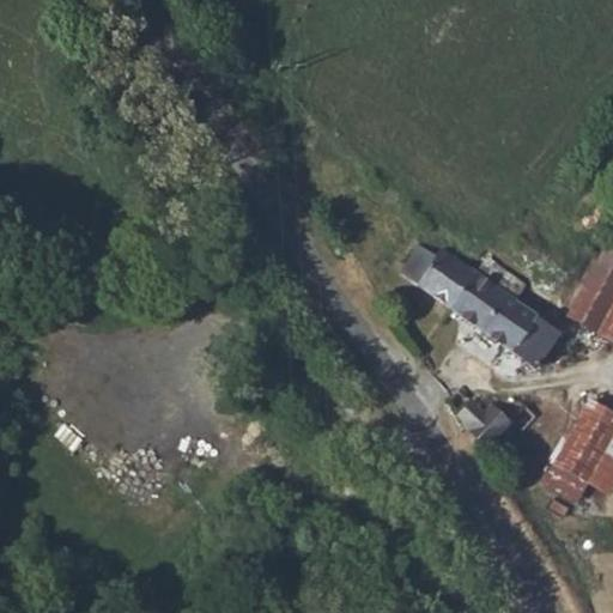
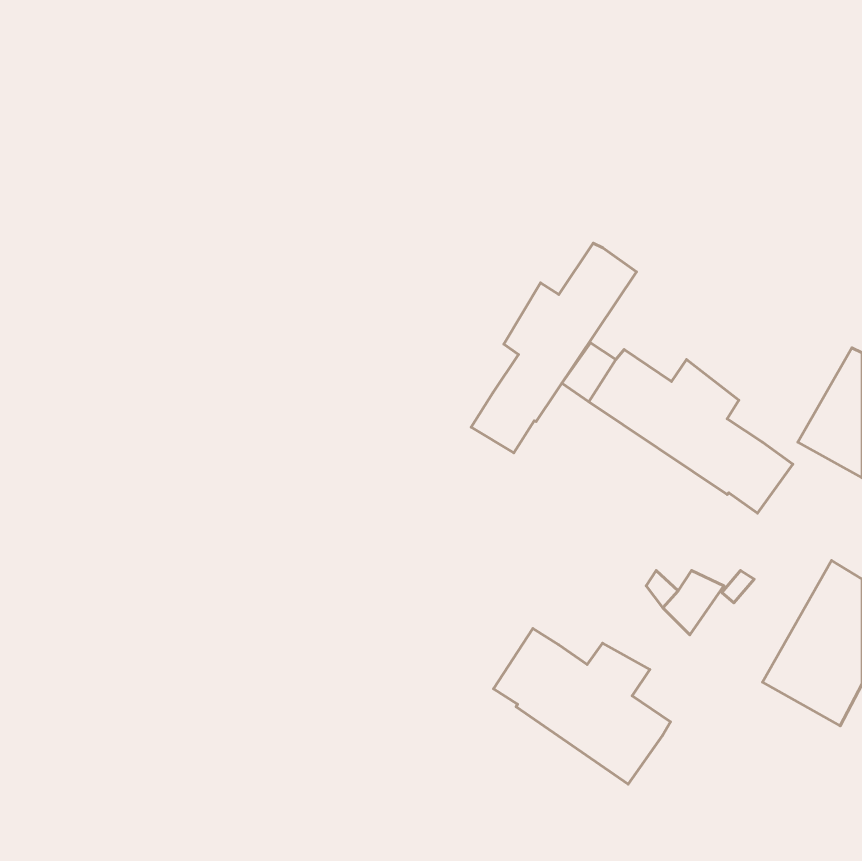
building: none -> [471,243,636,453]
building: none -> [493,629,671,784]

